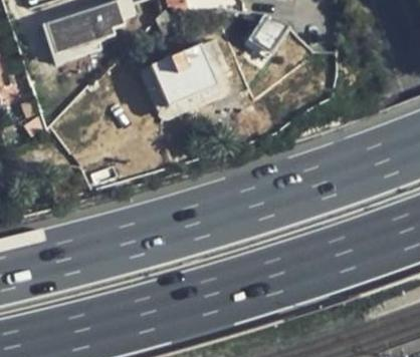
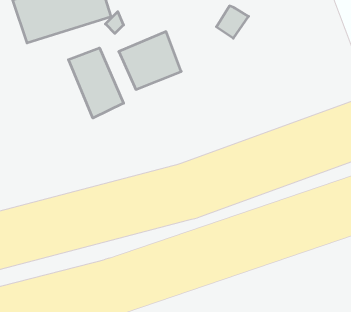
building: none -> [68,48,124,118]

